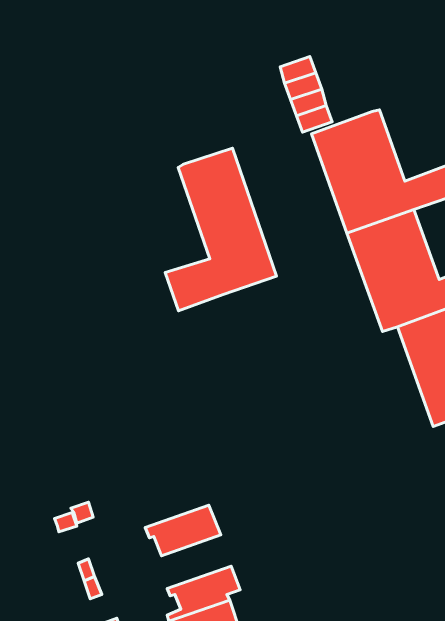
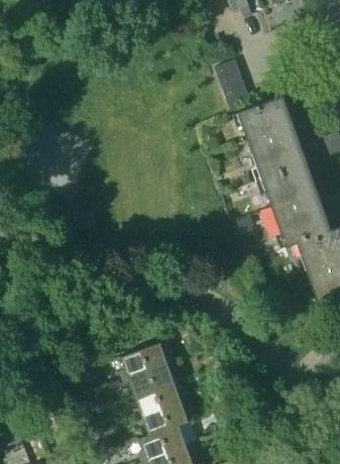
building: [165,148,277,311] -> none
building: none -> [120,342,167,378]
building: none -> [135,383,183,420]

